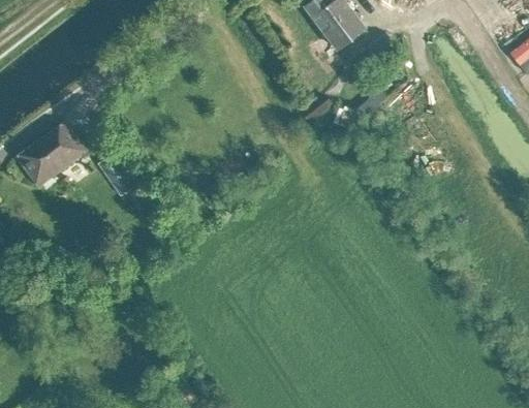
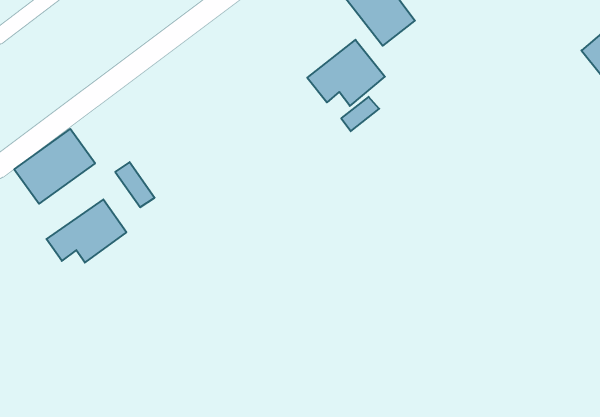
building: none -> [307,40,385,106]
building: none -> [46,199,126,263]

